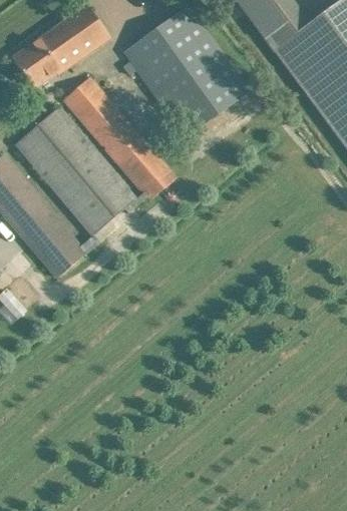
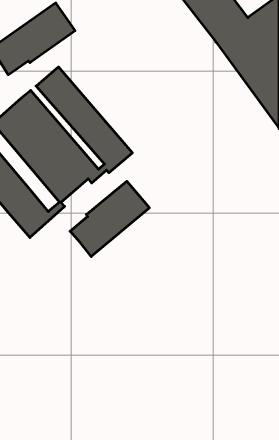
building: [124,6,249,136] -> none
building: none -> [70,181,149,257]

